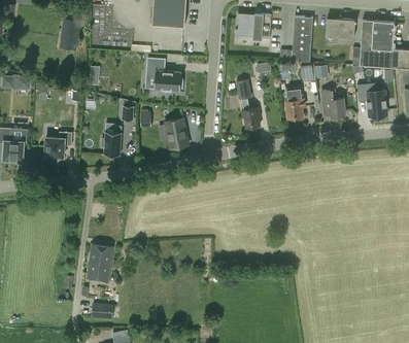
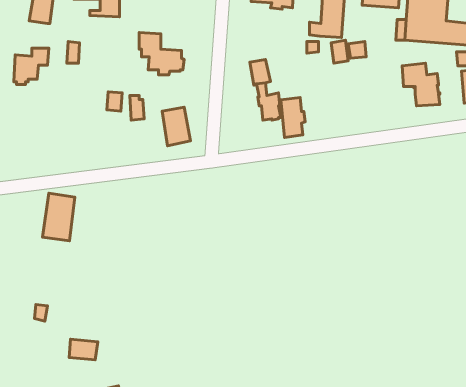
building: [285,87,305,118] -> [281,97,305,137]
building: [320,89,345,116] -> none
building: [102,126,122,156] -> none
building: [45,132,73,161] -> [14,48,49,84]
building: [88,243,113,281] -> [43,193,75,241]

